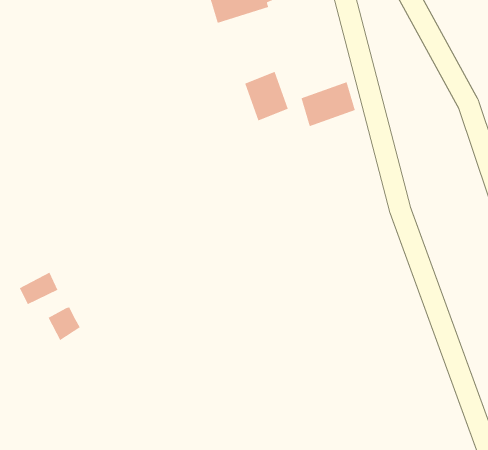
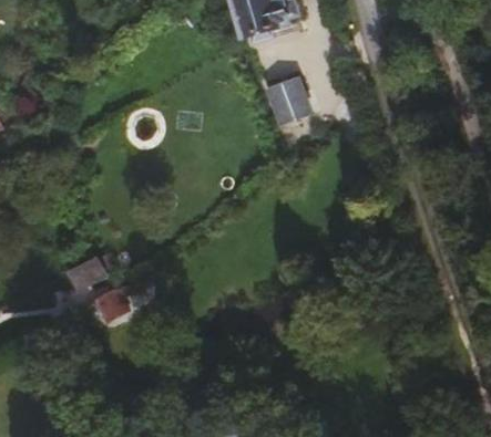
building: [301,81,356,127] -> none

